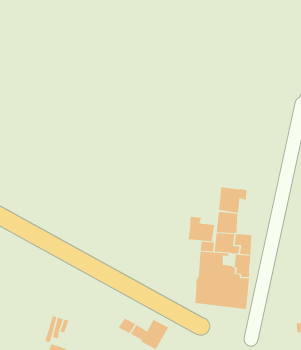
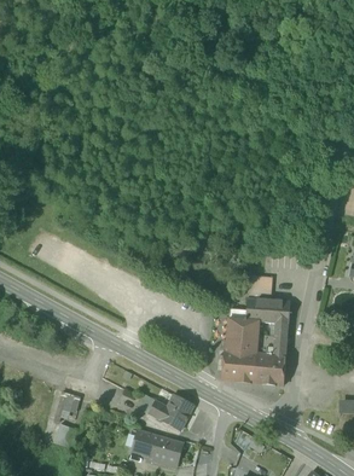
building: [219,187,247,214] -> none
building: [188,216,215,242] -> none

